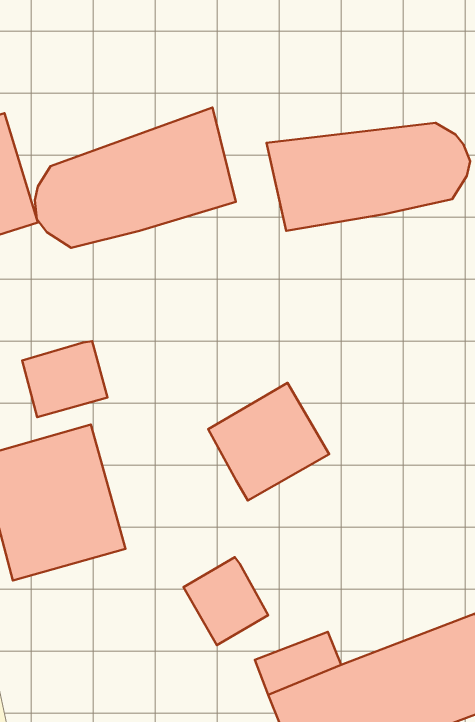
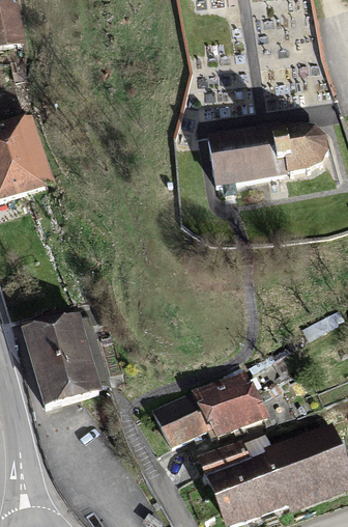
building: [35,108,236,248] -> none
building: [22,341,107,417] -> none
building: [208,383,329,500] -> [184,366,260,440]

